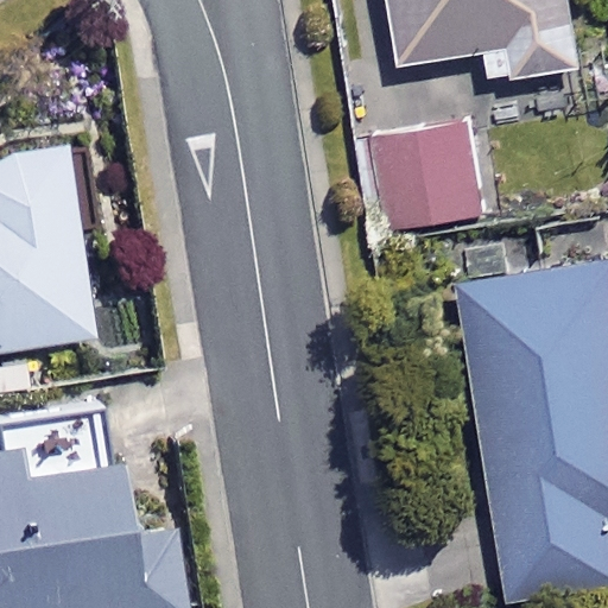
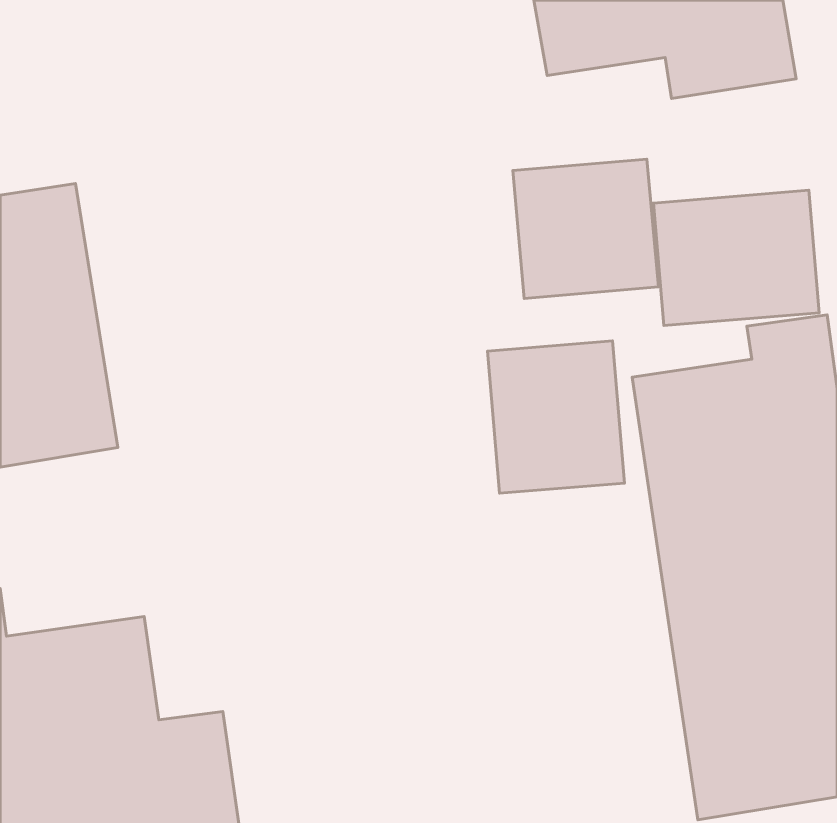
building: none -> [654,190,819,326]
building: none -> [487,341,625,493]

